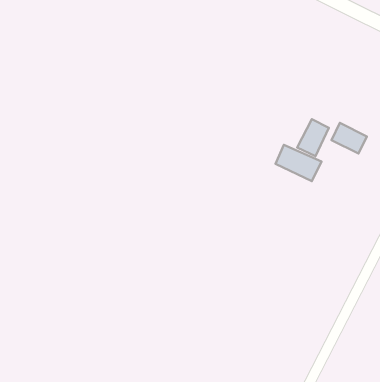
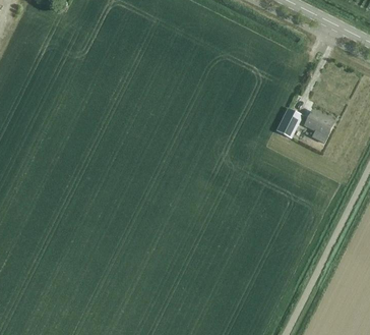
building: [275,145,321,181] -> none

